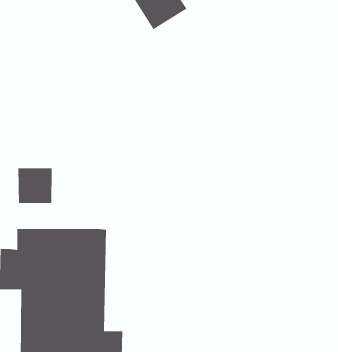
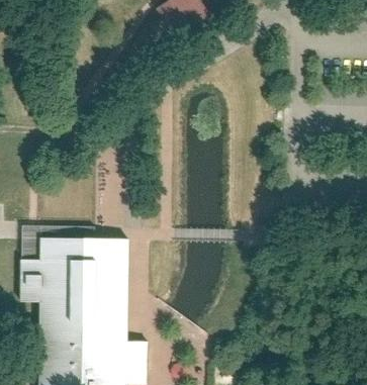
building: [17,168,53,204] -> none

